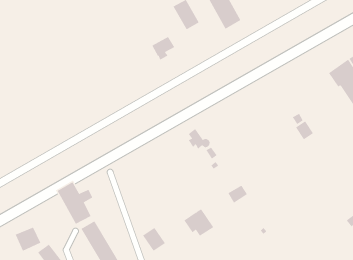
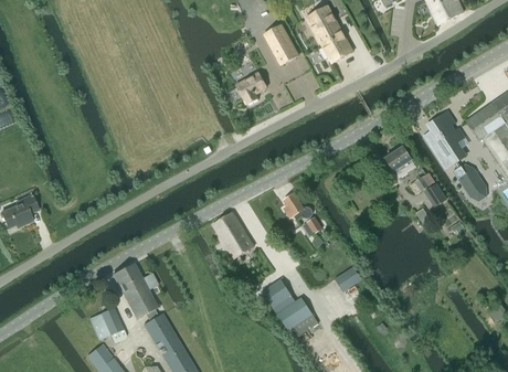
building: none -> [427,111,487,200]
building: none -> [385,146,416,178]
building: none -> [214,211,254,256]
building: [15,227,41,251] -> [89,307,124,339]
building: [142,227,166,252] -> [264,280,295,312]

